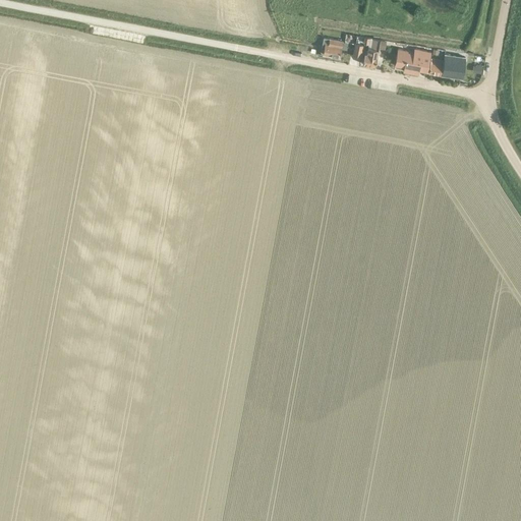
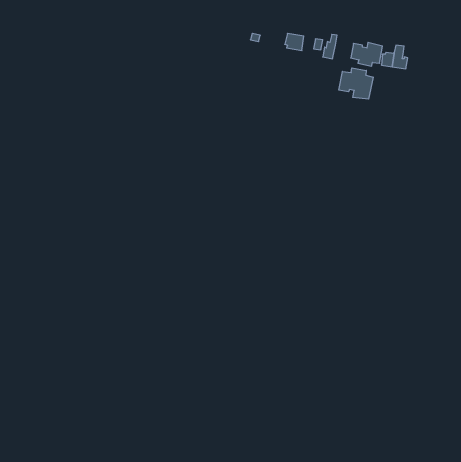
building: none -> [339,68,373,99]

